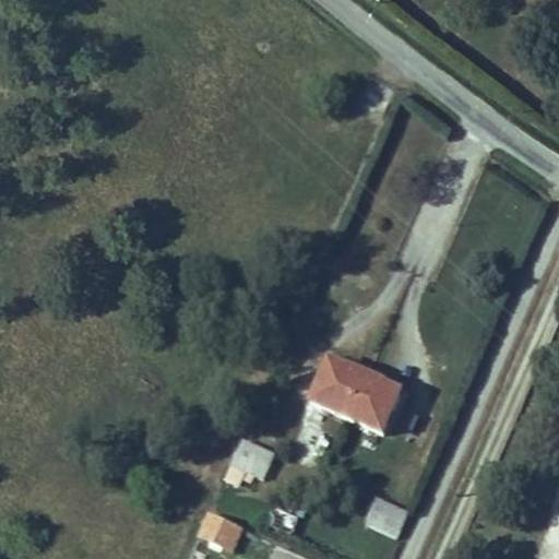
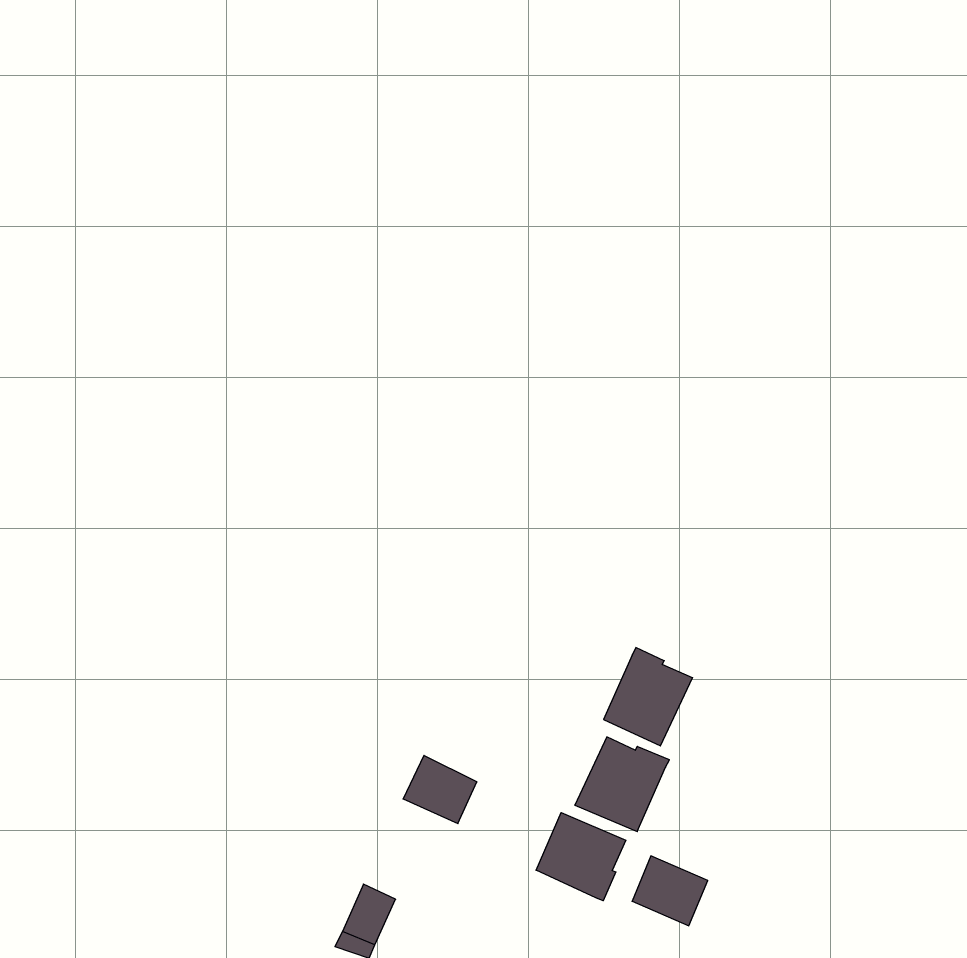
building: [312,360,367,415] -> [575,737,669,832]
building: none -> [536,813,626,901]

